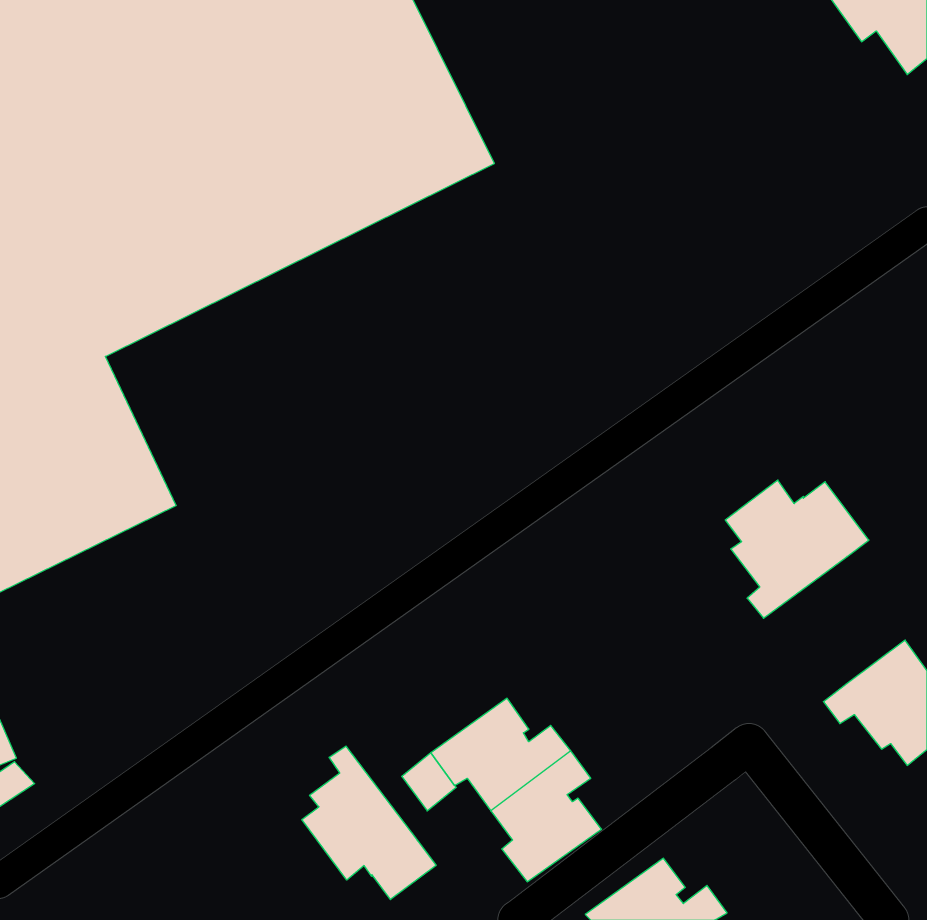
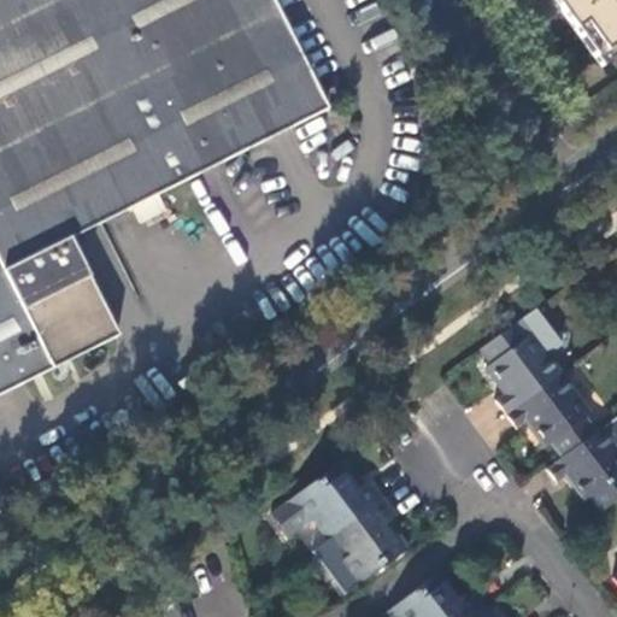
building: none -> [506,369,600,453]
building: [302,746,436,900] -> none

